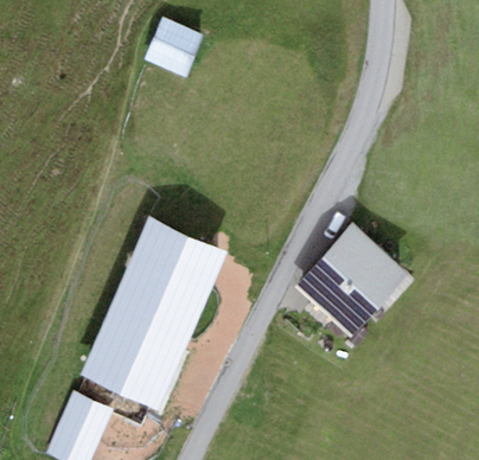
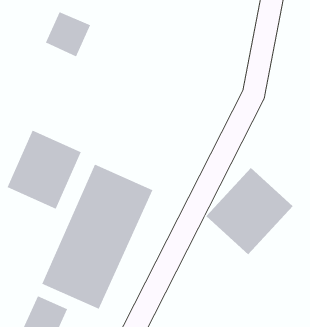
building: [146,18,206,78] -> [45,11,91,57]
building: none -> [7,130,82,210]

